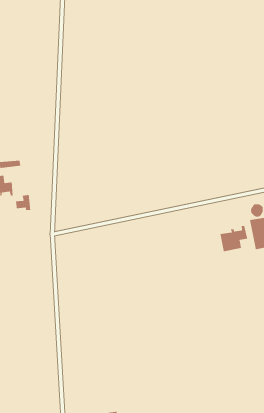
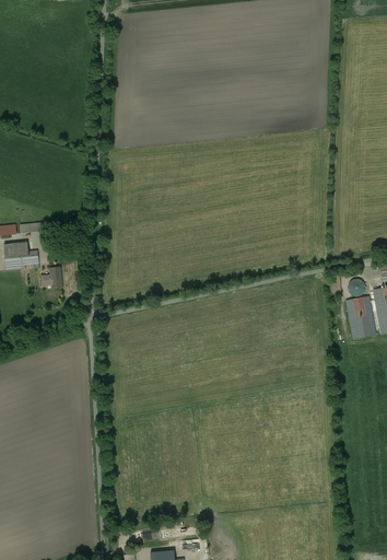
building: [220,225,248,252] -> none

